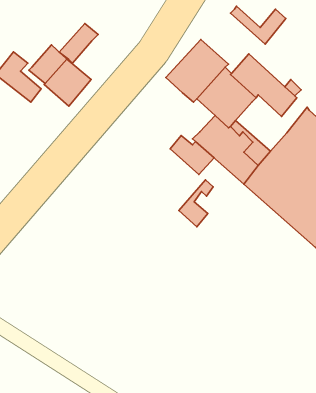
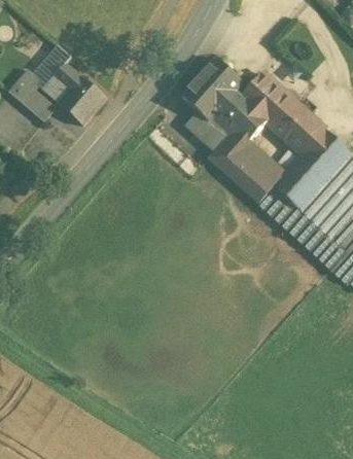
building: [230,6,286,44] -> [266,112,321,150]
building: [59,23,98,63] -> [31,44,70,84]
building: [170,135,214,174] -> [184,110,228,149]
building: [179,180,213,227] -> none

